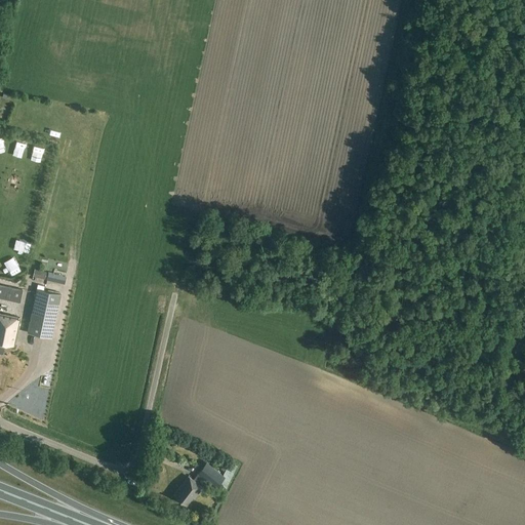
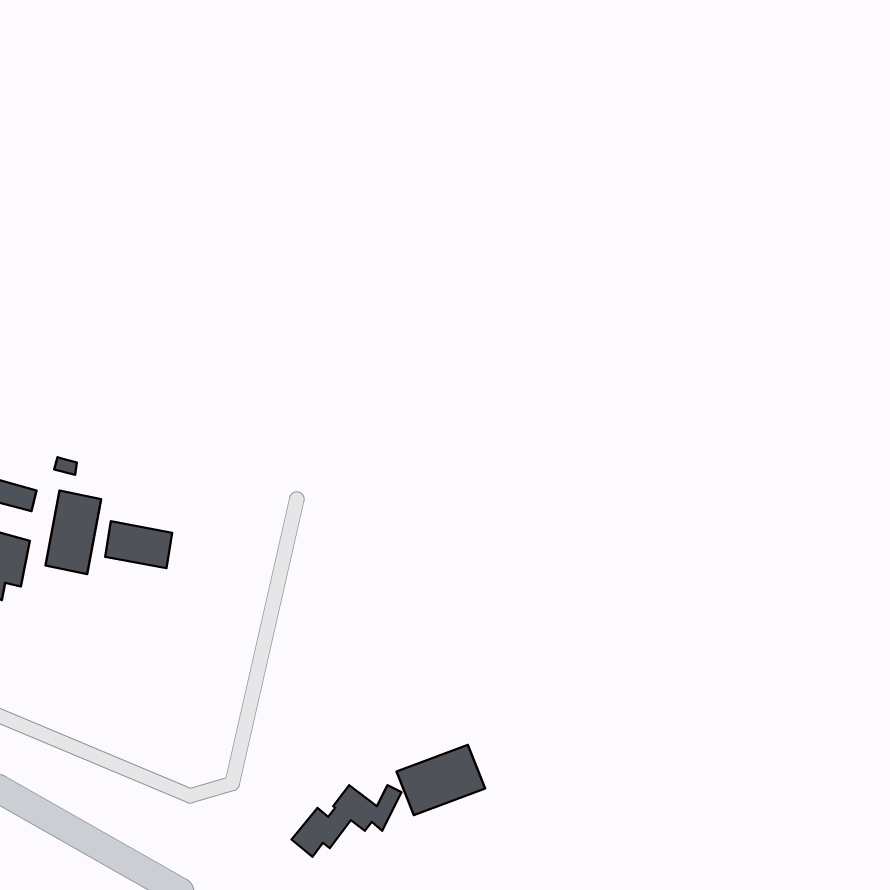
building: none -> [105,521,172,568]
building: none -> [396,745,485,815]

